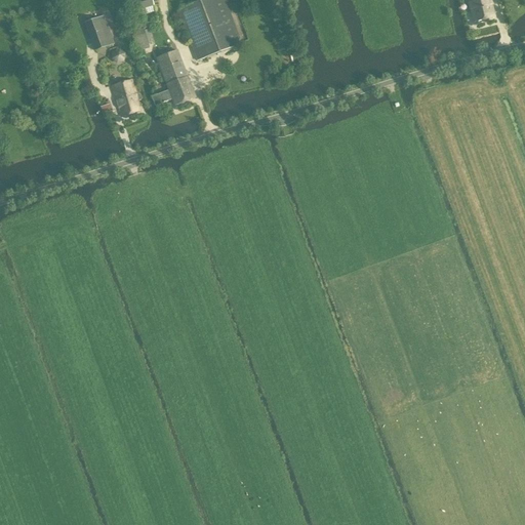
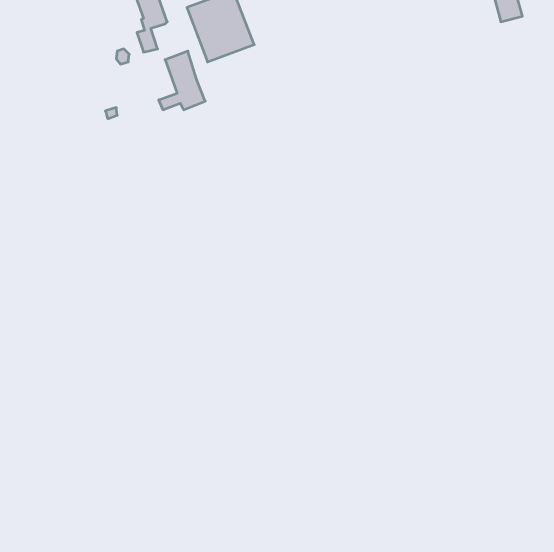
building: [83,13,114,49] -> none
building: [111,77,140,115] -> none

